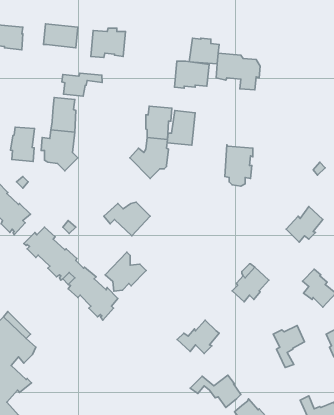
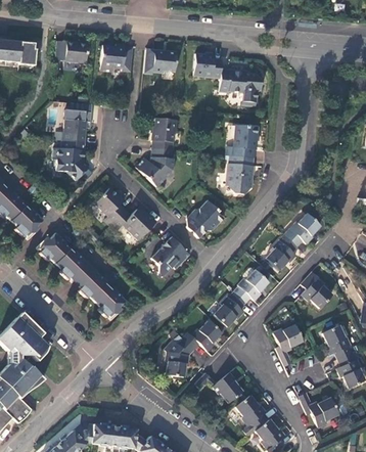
building: [175,61,209,88] -> [144,47,177,73]
building: [62,73,102,96] -> none
building: [167,111,195,145] -> [230,124,257,156]
building: [10,127,35,161] -> none
building: none -> [95,187,126,224]
building: none -> [187,199,224,237]
building: none -> [267,233,298,270]
building: [105,252,146,291] -> [151,235,190,272]
building: none -> [214,291,245,326]
building: none -> [166,337,194,375]

